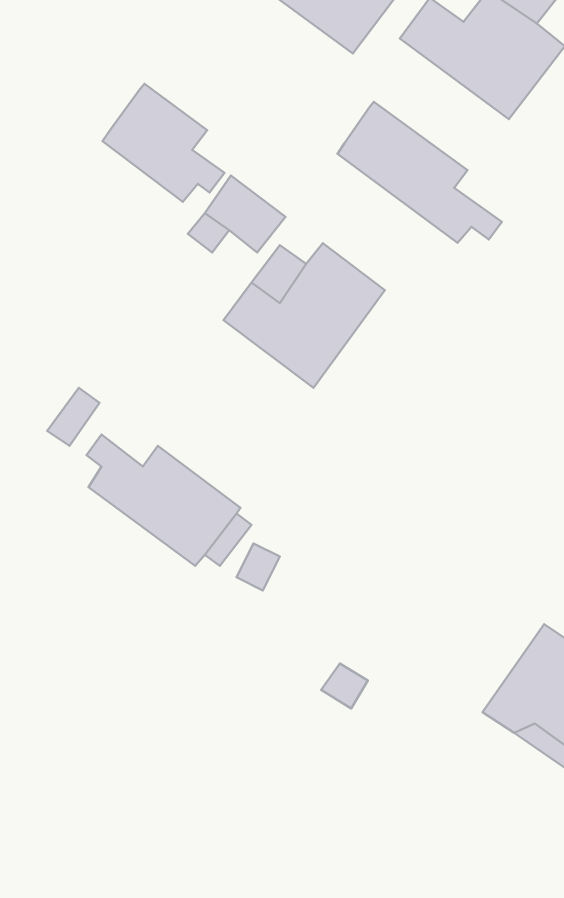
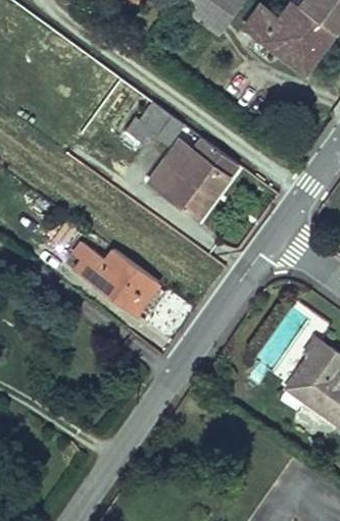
building: [103,84,224,202] -> none
building: [338,102,502,243] -> none

